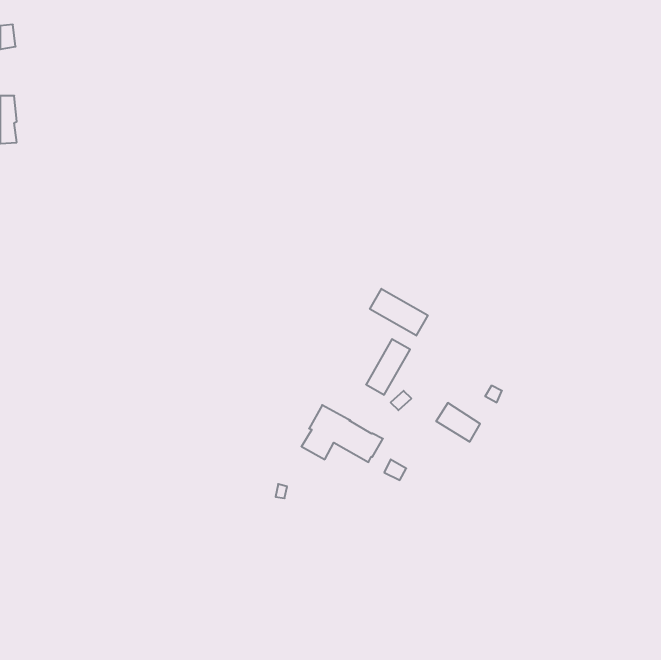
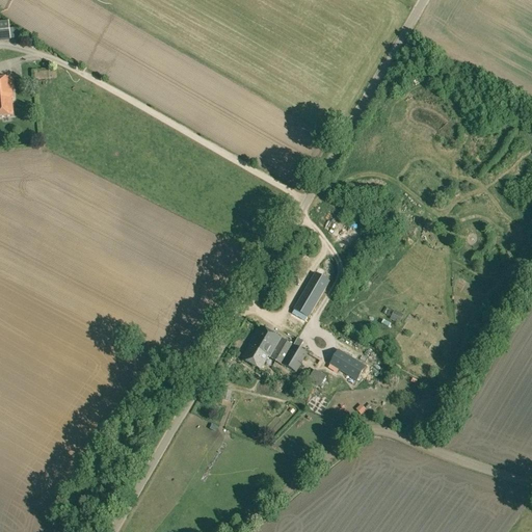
building: [370,289,428,336] -> none
building: [436,403,480,442] -> [329,349,365,380]

